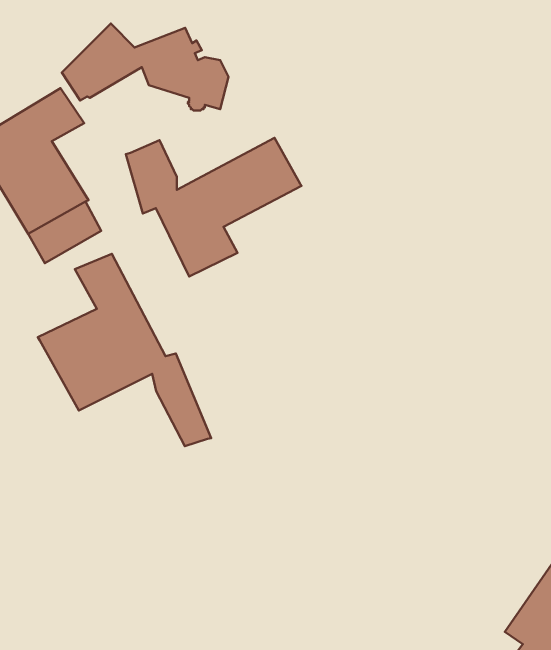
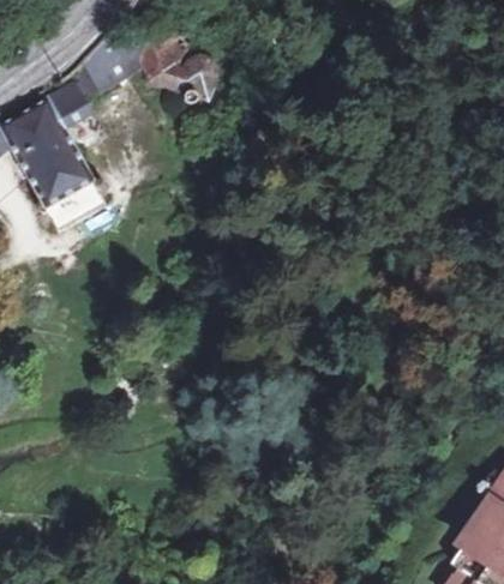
building: [126,138,301,276] -> none
building: [38,254,211,446] -> none

